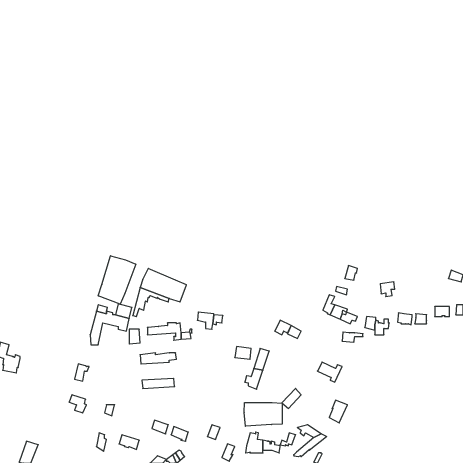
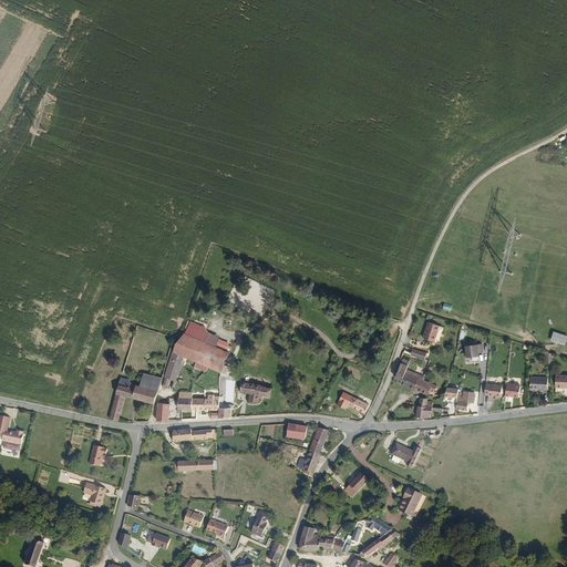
building: [98,256,136,304] -> none
building: [244,403,282,426] -> none

